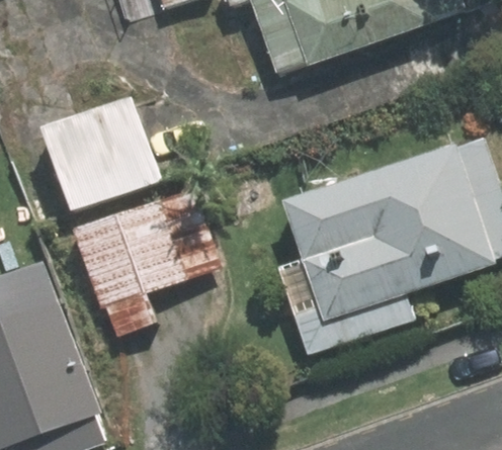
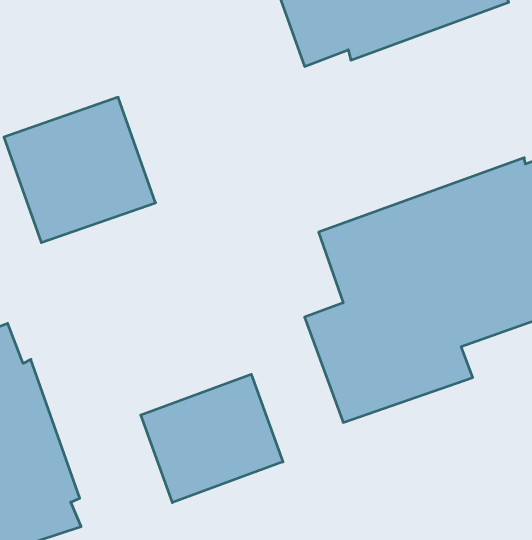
building: [72,188,219,337] -> none
building: none -> [141,374,283,503]

